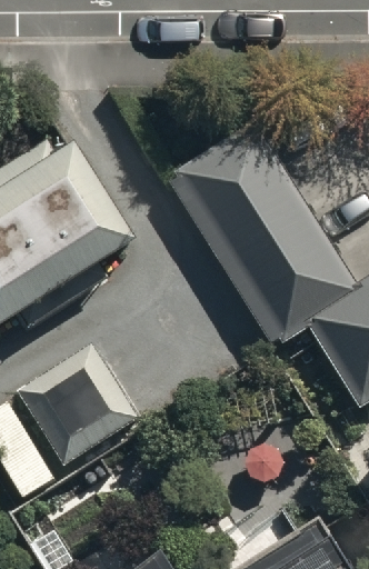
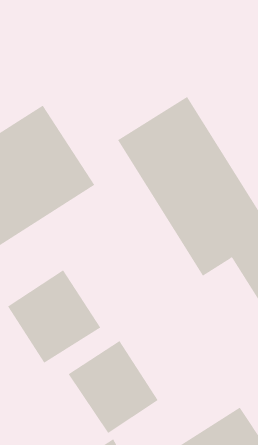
building: none -> [68,340,159,434]

